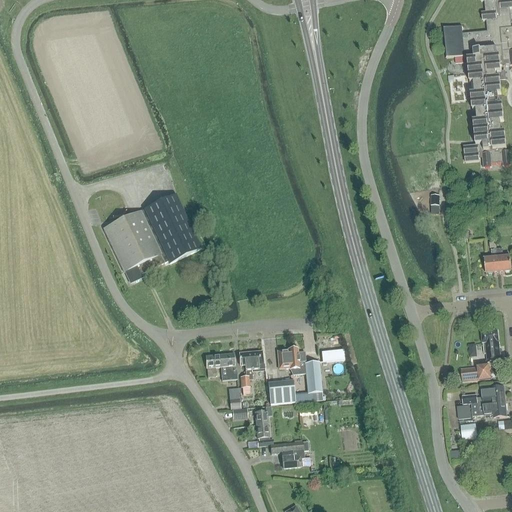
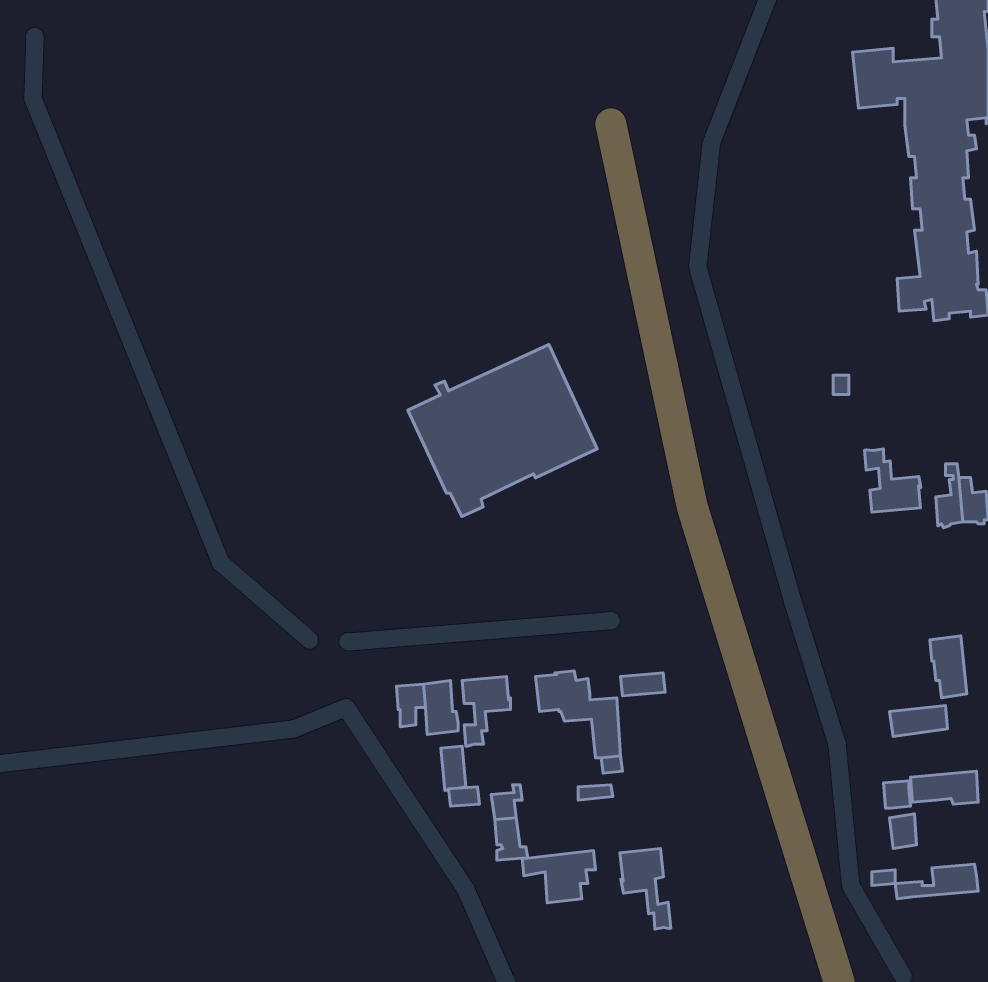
building: [103,193,201,282] -> [408,344,597,516]
building: none -> [864,449,921,512]
building: [268,381,294,403] -> none
building: [462,385,505,403] -> [895,864,978,899]
building: none -> [620,849,671,929]

